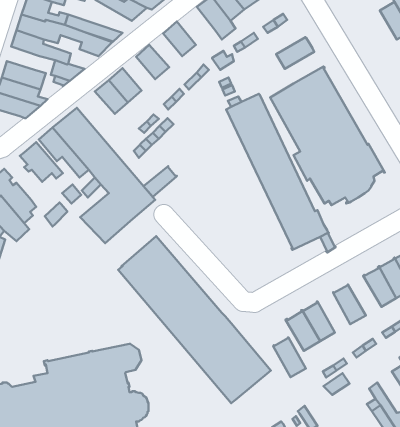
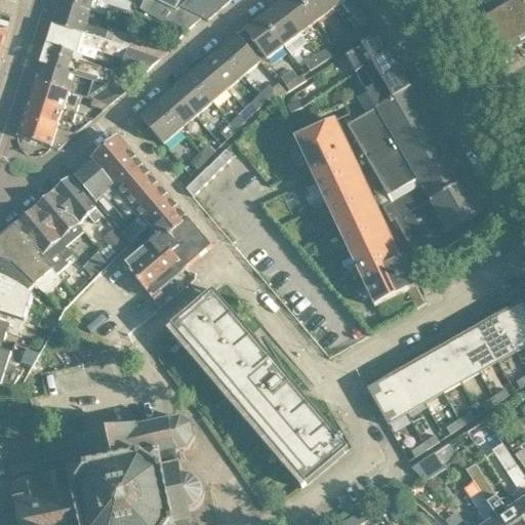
building: none -> [242,14,282,56]
building: none -> [344,31,389,71]
building: none -> [203,46,242,86]
building: none -> [34,62,73,89]
building: none -> [364,68,410,106]
building: none -> [171,74,210,114]
building: none -> [31,192,81,244]
building: [144,166,177,197] -> none
building: none -> [439,334,479,381]
building: [273,337,306,377] -> [403,355,442,402]

